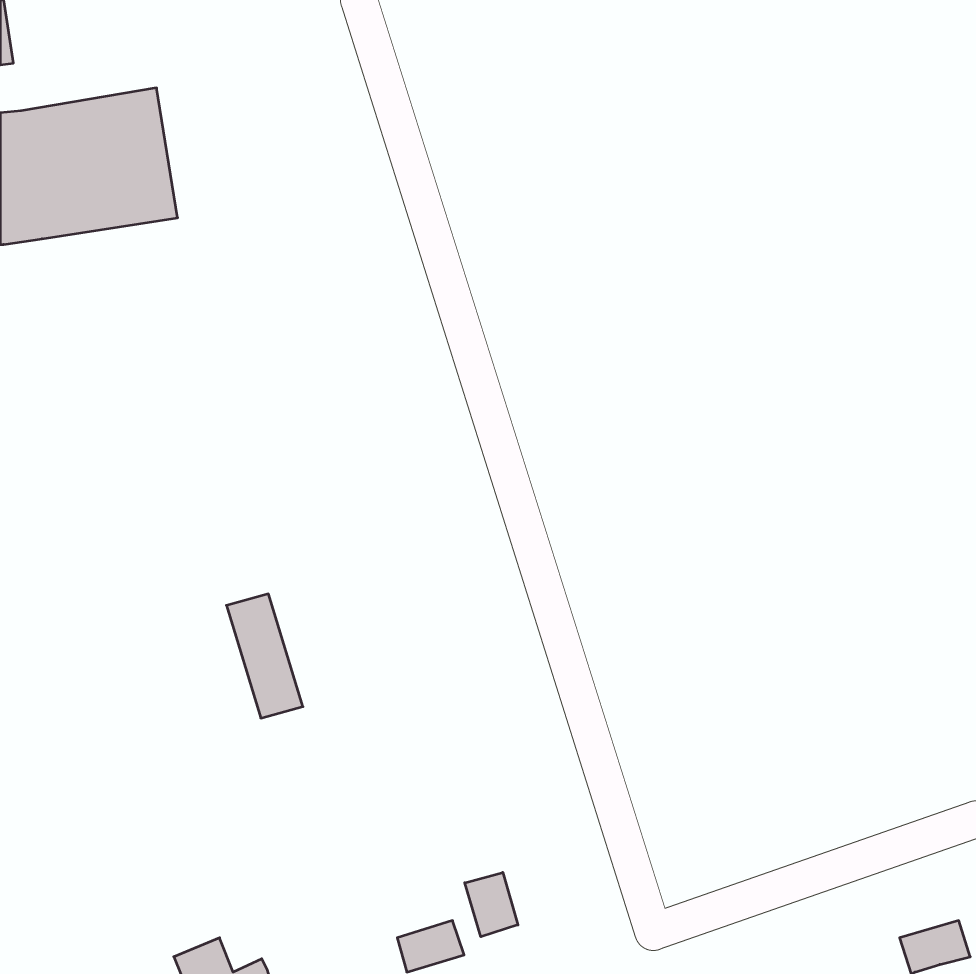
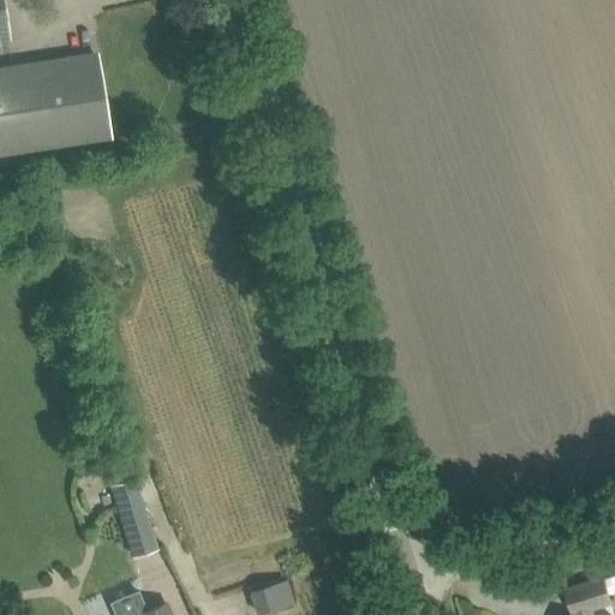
building: [226,594,303,718] -> [109,479,157,557]
building: [465,872,518,937] -> none

